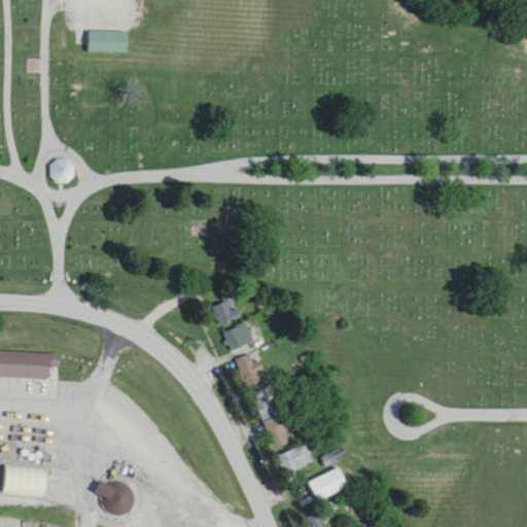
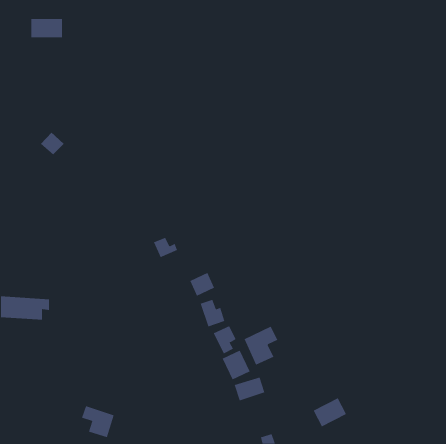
building: [87,29,126,51] -> [30,18,63,38]
building: [212,300,241,324] -> [153,237,178,258]
building: none -> [244,326,278,365]
building: [309,466,349,501] -> [313,398,347,427]

